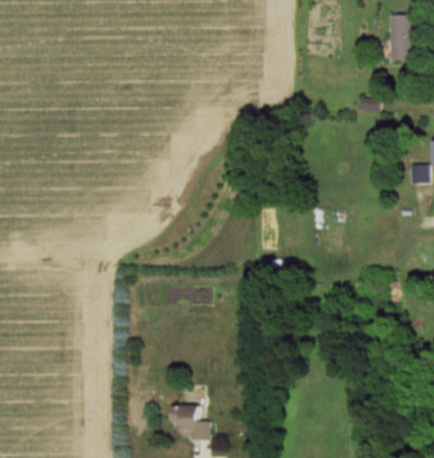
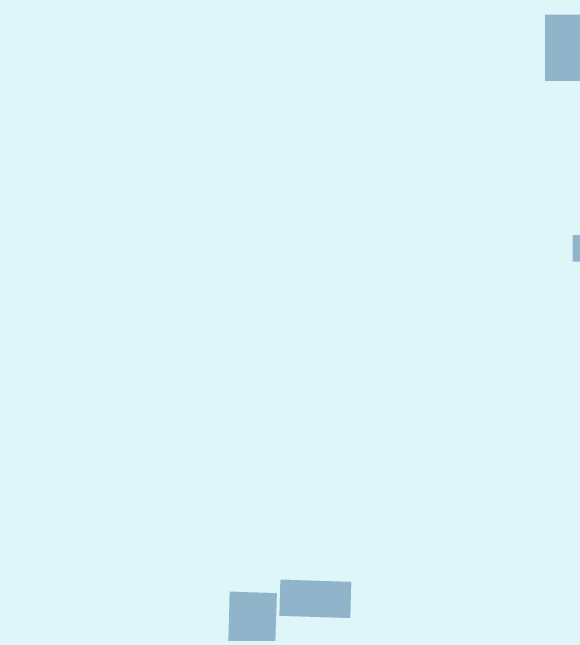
building: none -> [279,579,352,619]

